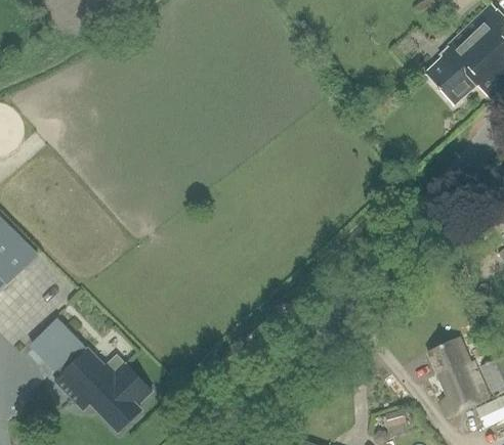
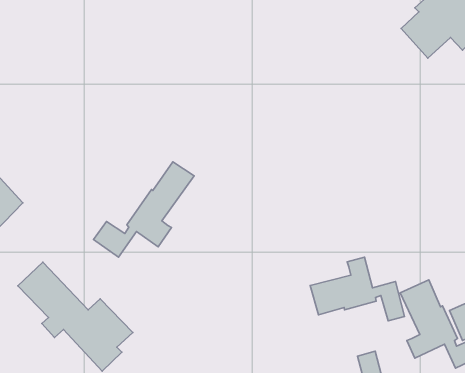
building: none -> [94,162,194,257]
building: none -> [310,257,404,321]

